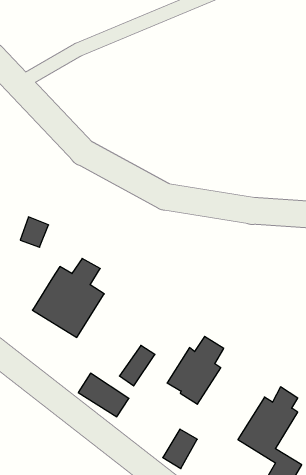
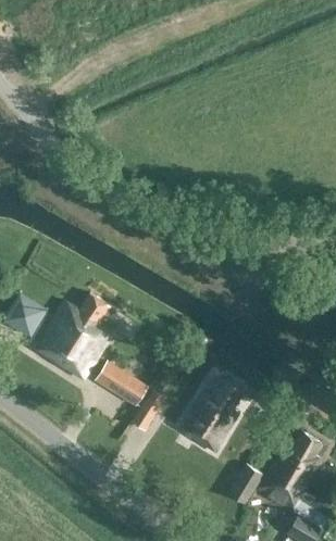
building: [20,217,49,247] -> [10,299,40,331]
building: [78,373,129,417] -> [95,360,149,406]
building: [163,429,197,469] -> [227,463,264,505]

